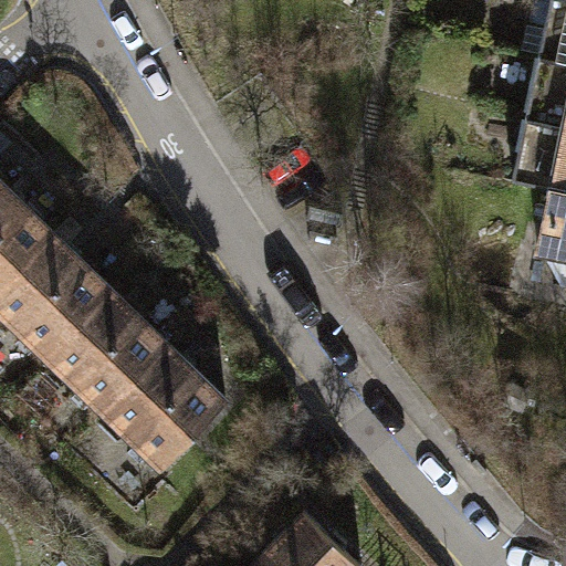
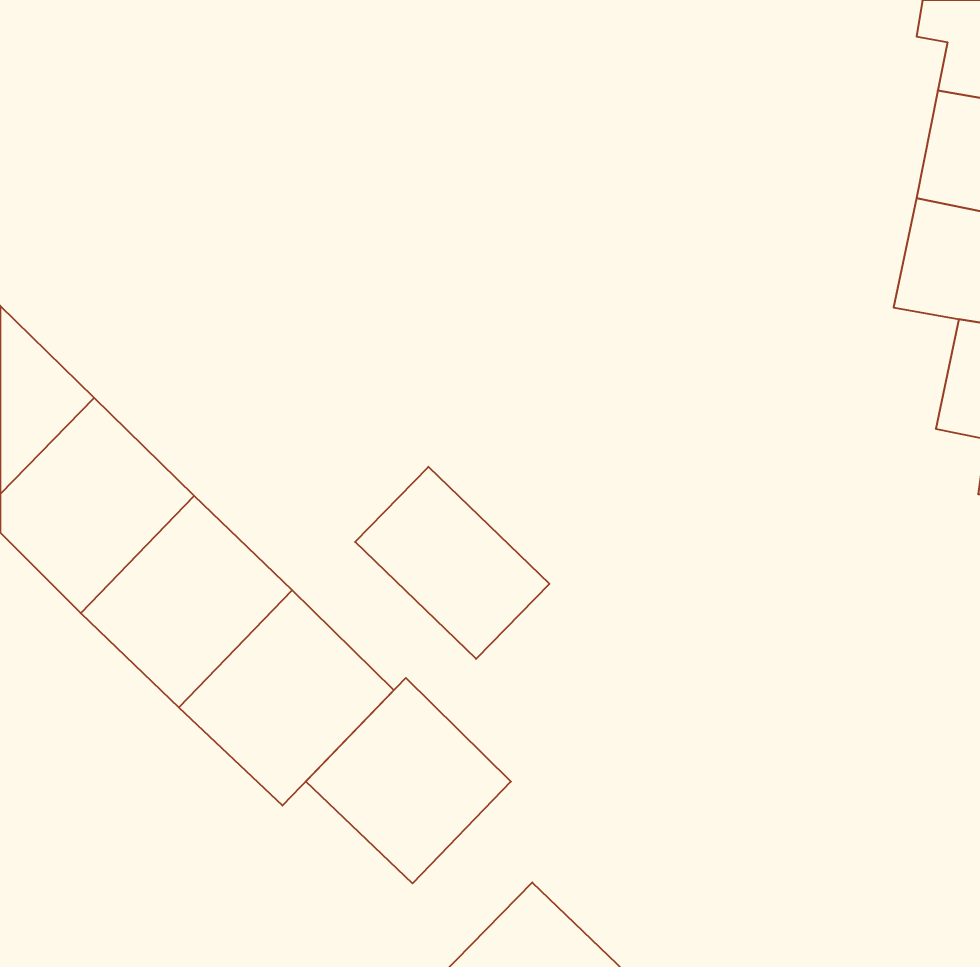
building: none -> [355,467,549,659]
building: none -> [306,678,511,883]

